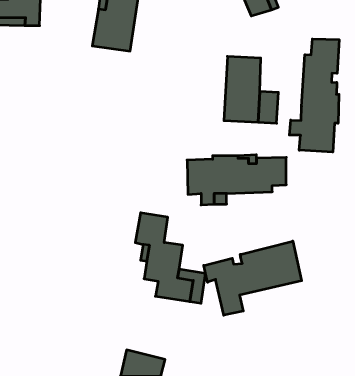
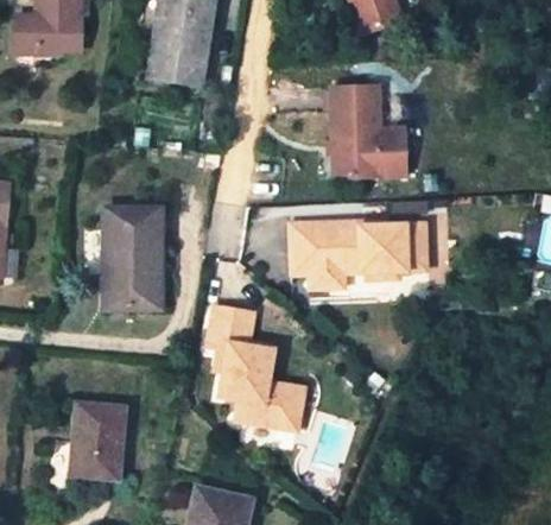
building: [289,39,339,152] -> none
building: none -> [106,205,163,306]
building: [204,241,302,315] -> none
building: none -> [71,400,127,477]

